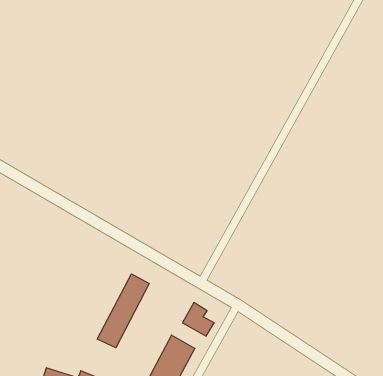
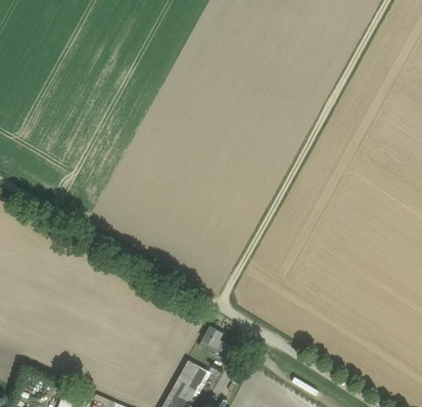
building: [97,274,149,348] -> none

